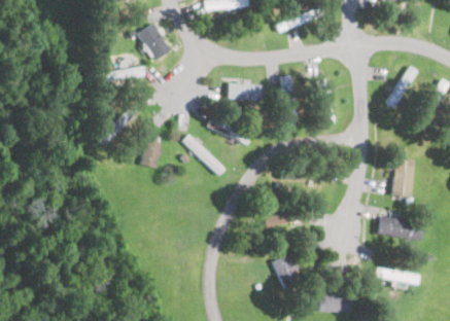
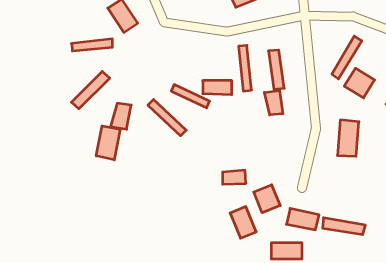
building: [228,84,259,100] -> [203,81,232,95]
building: none -> [344,68,375,98]
building: none -> [264,90,283,115]
building: none -> [96,126,120,160]
building: [377,215,413,239] -> [286,208,319,230]
building: none -> [254,185,280,213]

